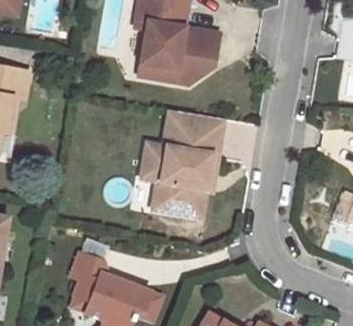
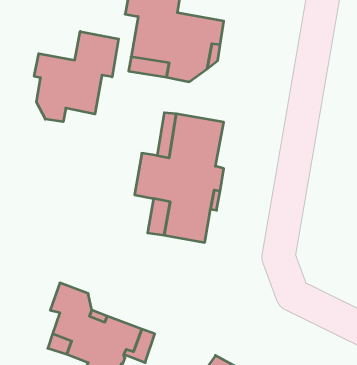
building: none -> [34,31,119,122]

